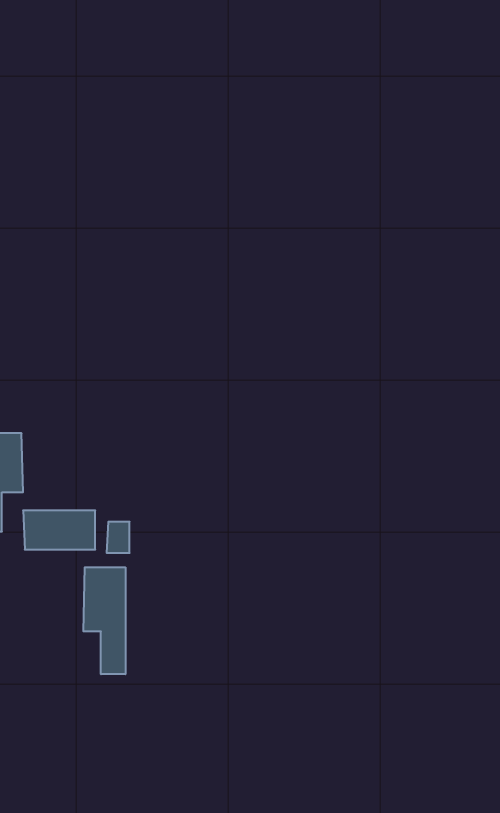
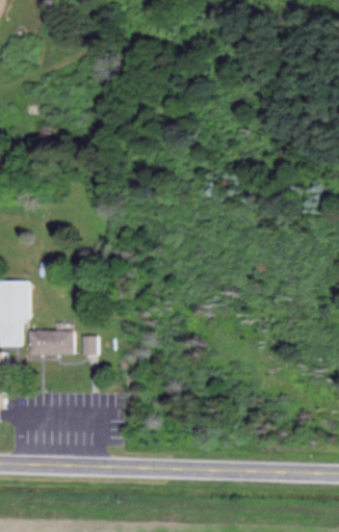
building: [83,567,125,674] -> none

